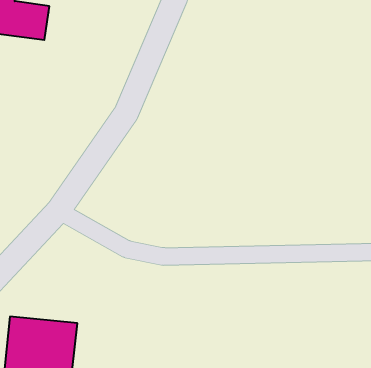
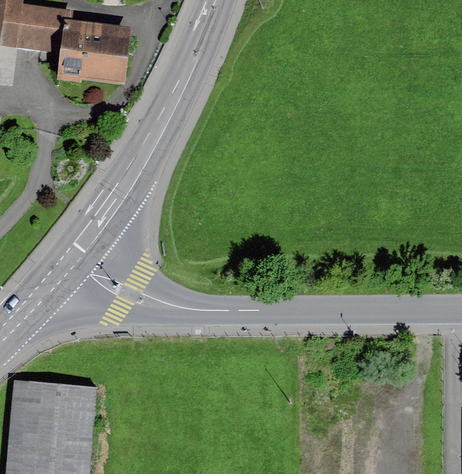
building: none -> [55,18,133,84]

